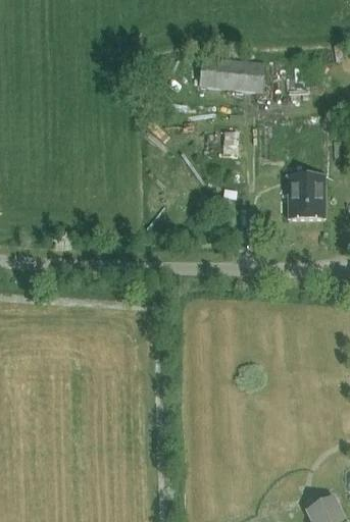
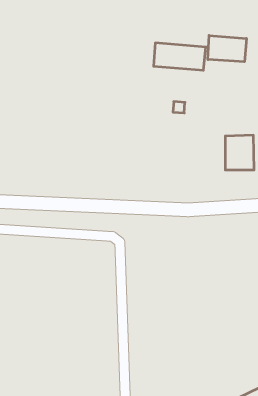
building: none -> [208,35,246,62]

